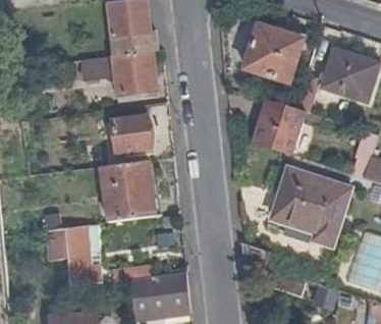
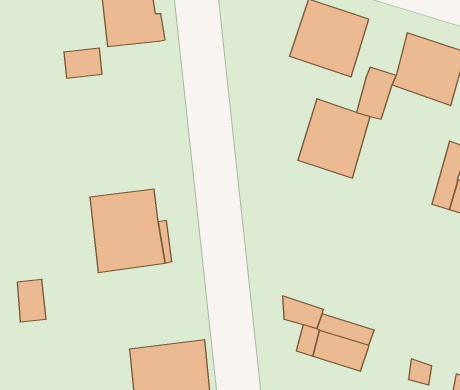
building: [111,53,156,103] -> none
building: [109,118,149,154] -> none
building: [273,166,356,246] -> none
building: [63,227,98,289] -> none

